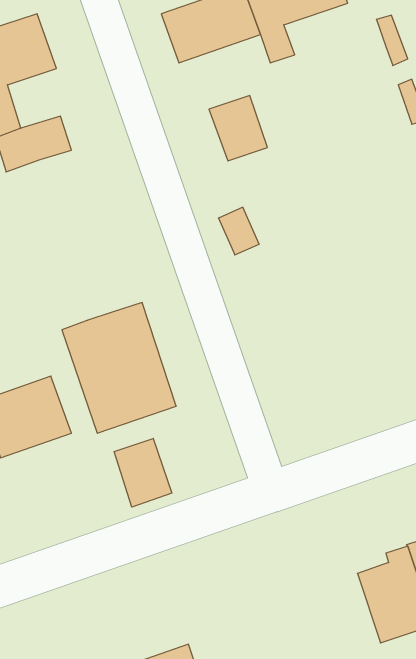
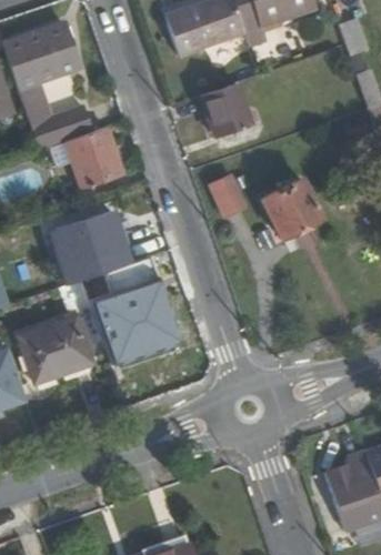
building: none -> [66,124,120,182]
building: none -> [262,180,329,253]
building: none -> [57,211,124,273]
building: [114,438,172,507] -> none

